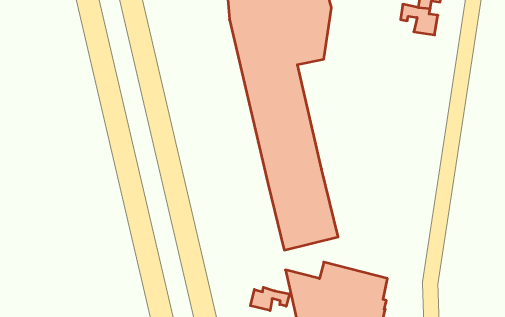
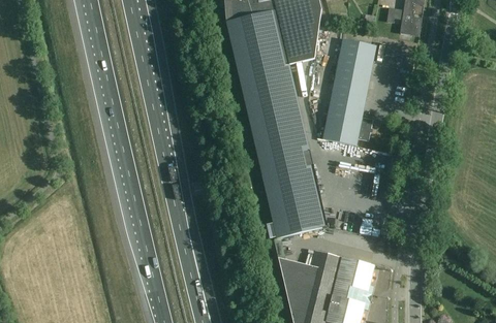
building: none -> [322,38,376,144]
building: [250,287,289,311] -> none

